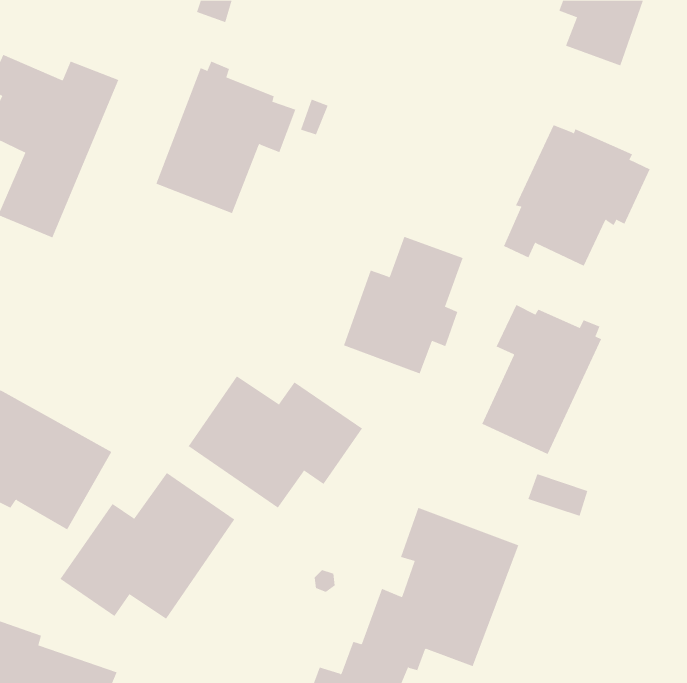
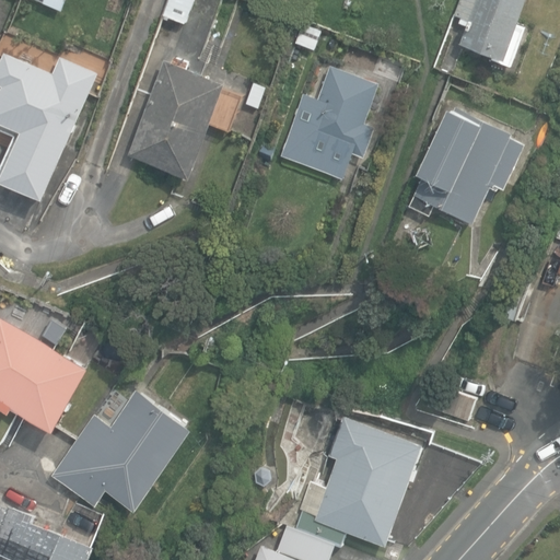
building: [343,236,463,374] -> [279,68,376,179]
building: [482,304,602,455] -> none
building: [188,375,363,508] -> none

